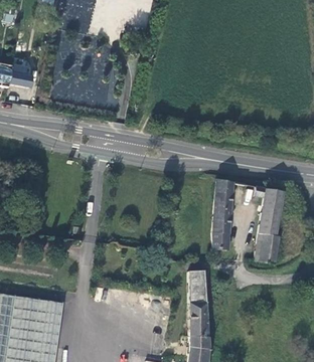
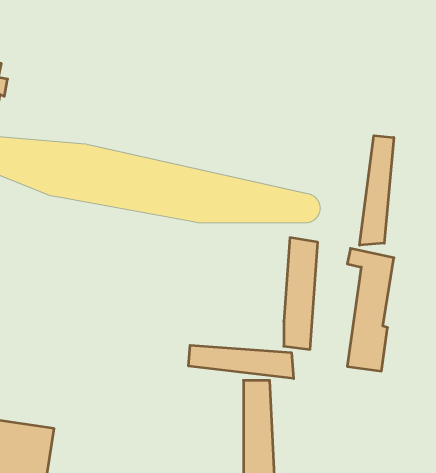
building: none -> [360,136,394,245]
building: none -> [189,345,294,379]

